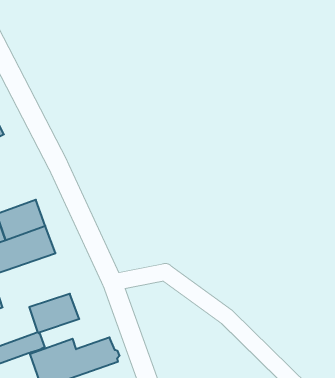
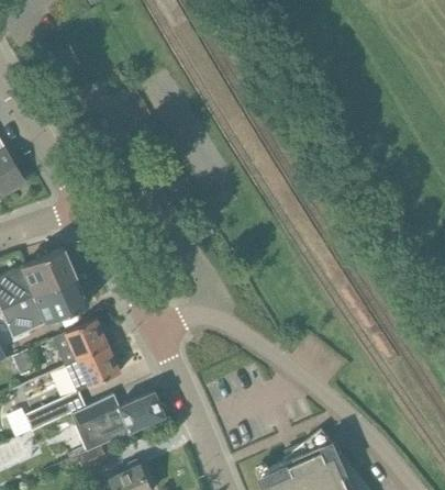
building: none -> [53,319,108,365]

